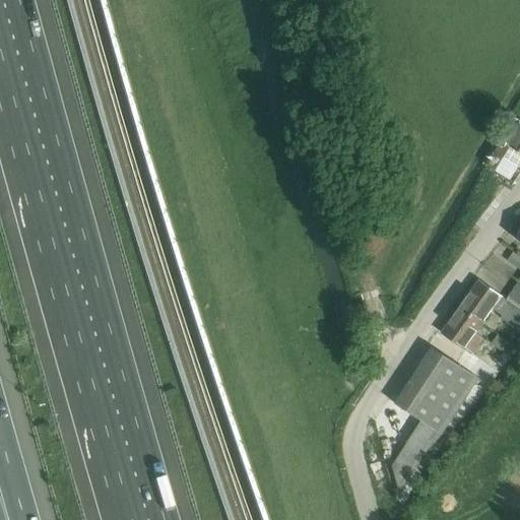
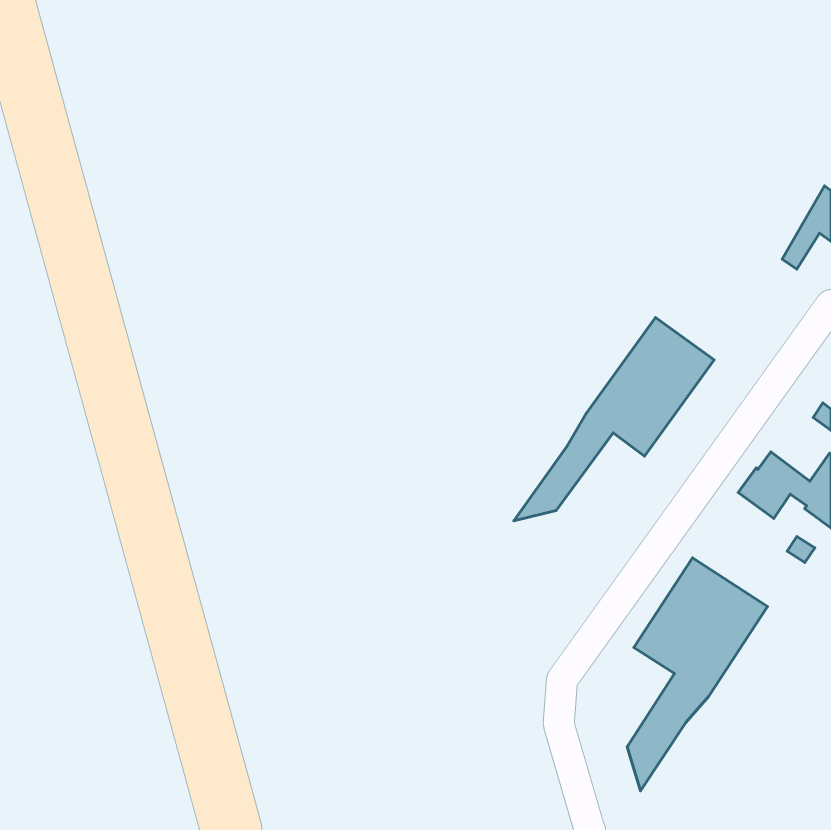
building: none -> [514,317,714,521]
building: [442,307,482,353] -> none

